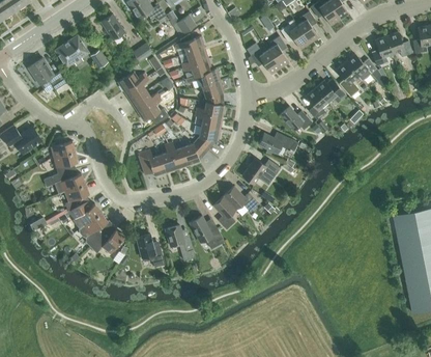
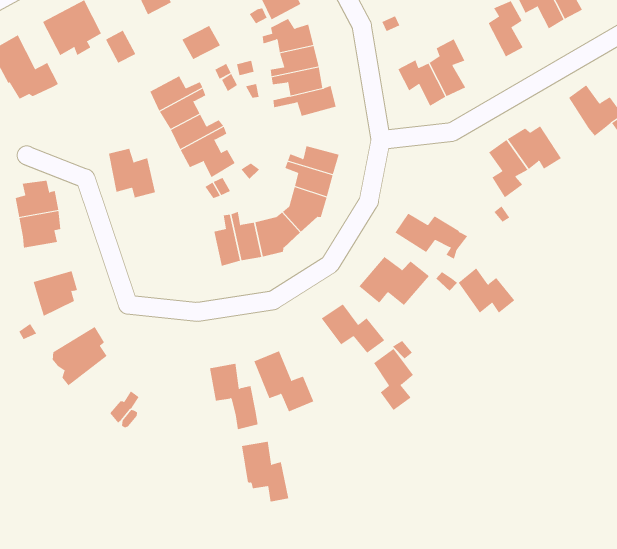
building: [280,19,309,49] -> none
building: [336,61,360,97] -> none
building: [201,79,224,105] -> none
building: [280,106,312,131] -> [458,268,515,314]
building: [138,149,166,176] -> [108,148,156,198]
building: [56,168,85,193] -> none
building: [212,195,235,229] -> [373,348,414,411]
building: [67,199,100,228] -> none
building: [89,227,124,253] -> none
building: [136,234,165,267] -> [241,441,289,502]

